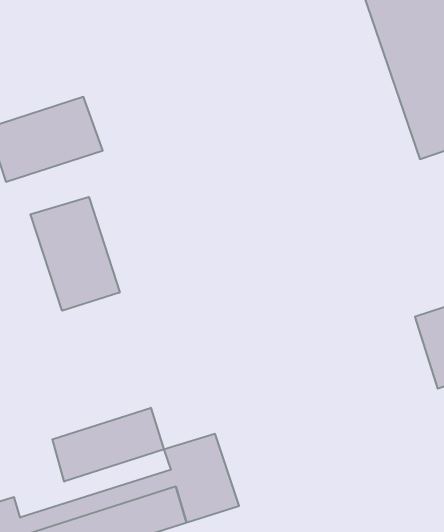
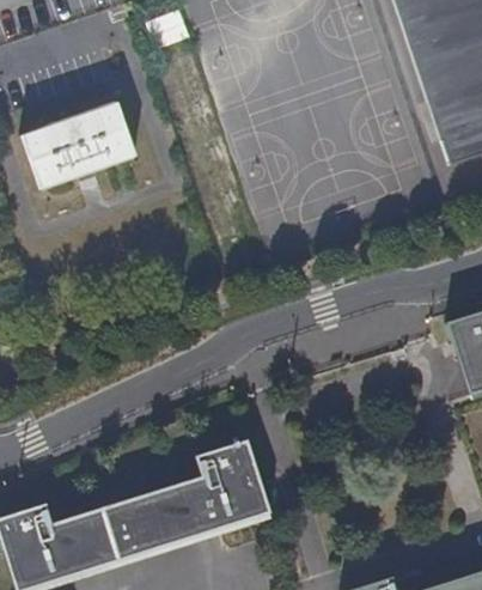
building: [30,197,120,311] -> none
building: [52,408,164,482] -> none

